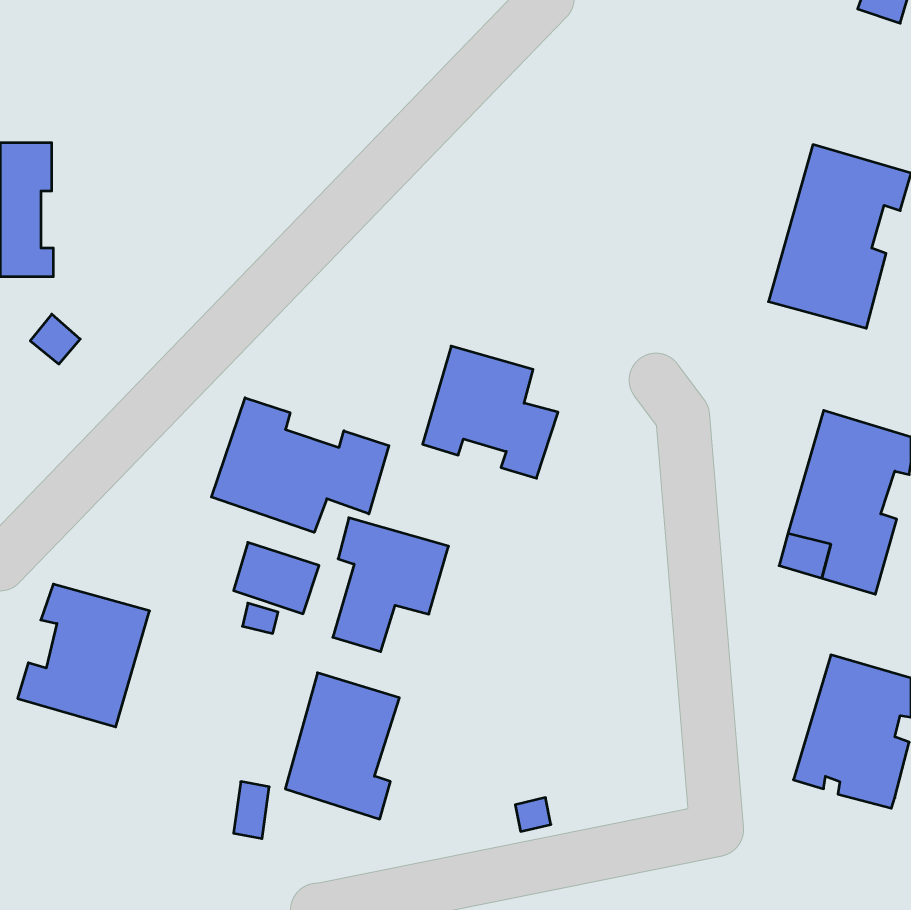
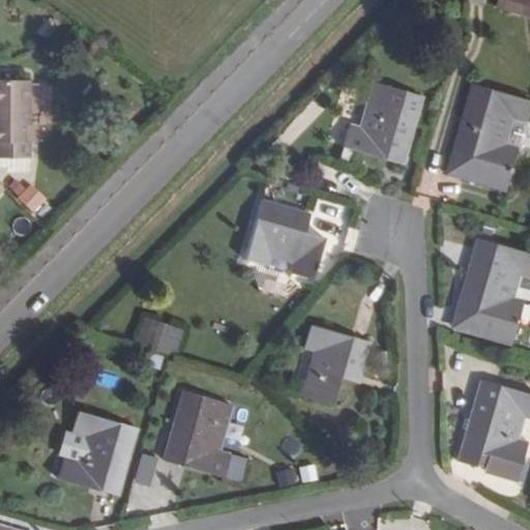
building: none -> [346,85,419,159]
building: [211,398,389,532] -> none
building: [333,518,449,652] -> [301,325,369,403]
building: [18,584,150,727] -> [59,412,136,495]

